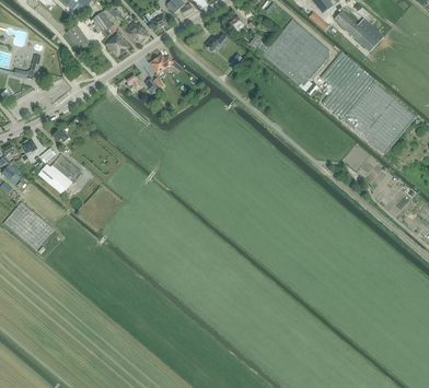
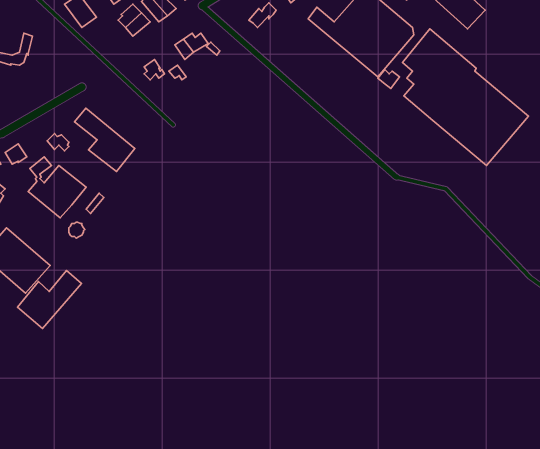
building: none -> [74,108,135,171]
building: none -> [17,270,81,329]

